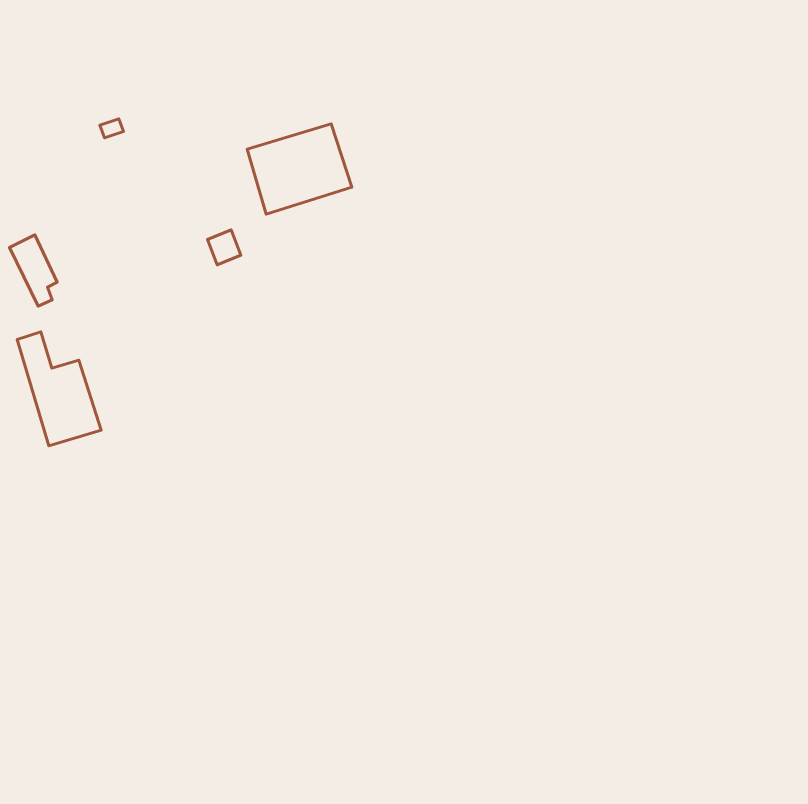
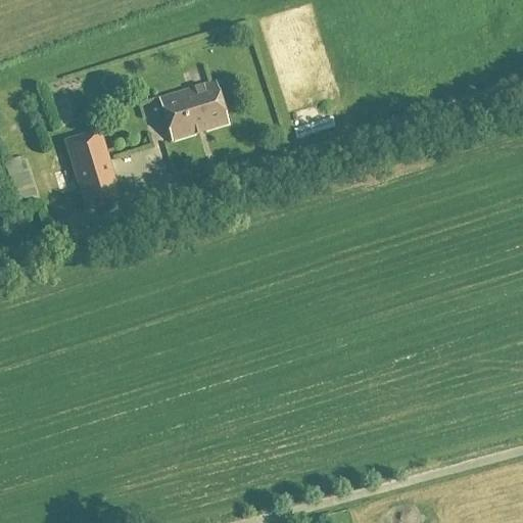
building: [17,332,101,446] -> [66,134,121,207]

